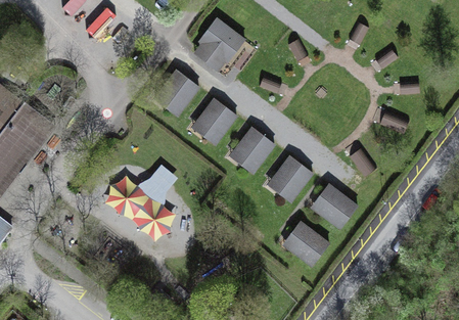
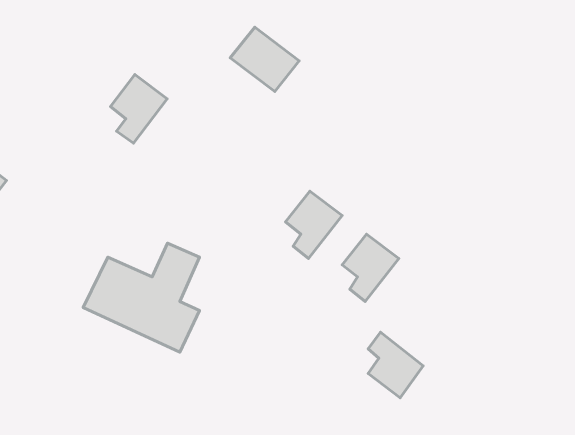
building: [162,70,199,116] -> [110,74,167,143]
building: [198,99,236,144] -> none
building: [320,185,358,228] -> none

